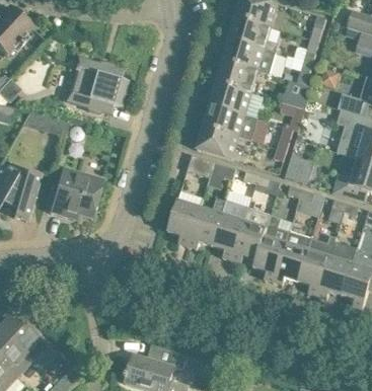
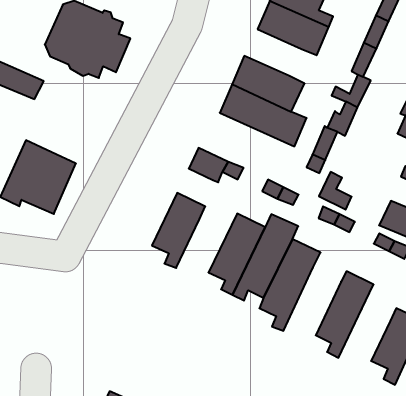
building: [215,61,256,92] -> none
building: [196,127,237,159] -> none
building: [187,198,226,249] -> none
building: [273,232,310,285] -> none
building: [316,257,351,299] -> none

